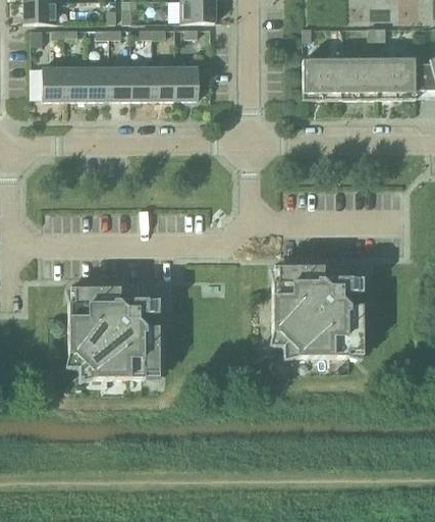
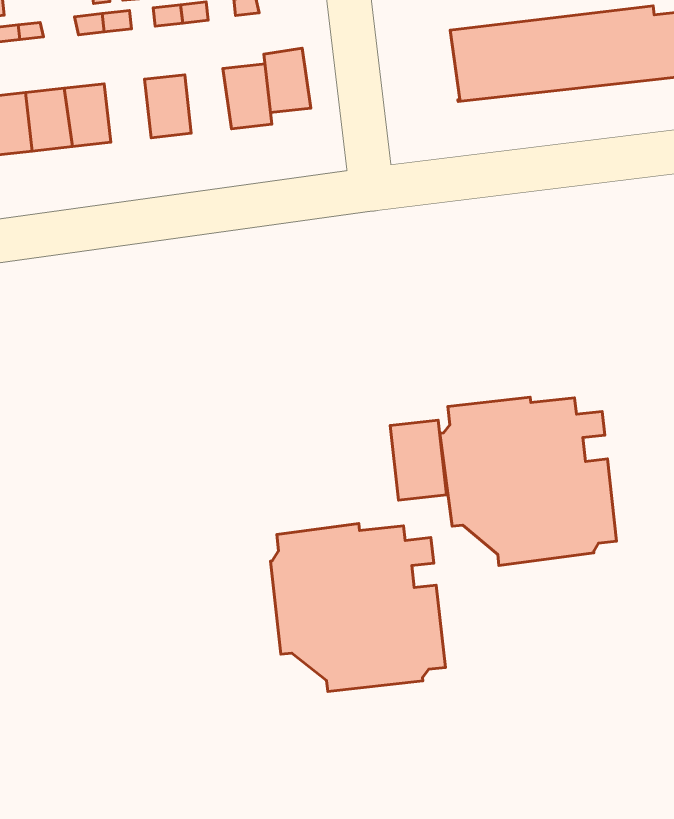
building: [154,66,176,100] -> [264,48,311,113]
building: [109,67,131,100] -> none
building: none -> [390,420,447,500]
building: [69,288,159,378] -> [270,523,445,692]

